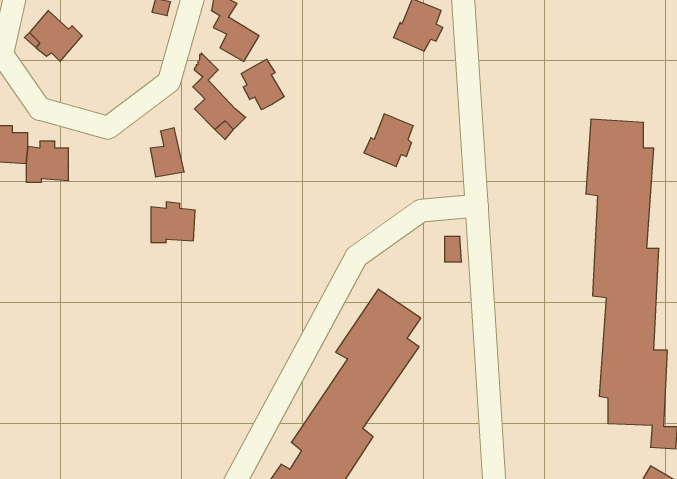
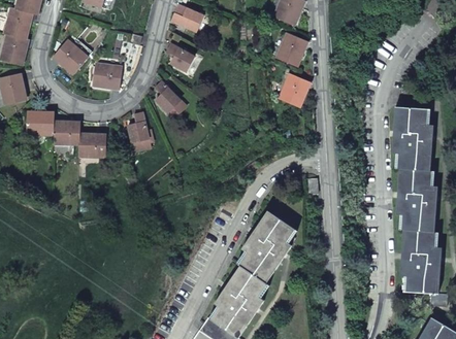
building: none -> [93,63,121,89]
building: [241,59,284,110] -> none
building: [364,114,413,167] -> [278,74,307,106]
building: [151,202,195,242] -> [78,133,105,158]

